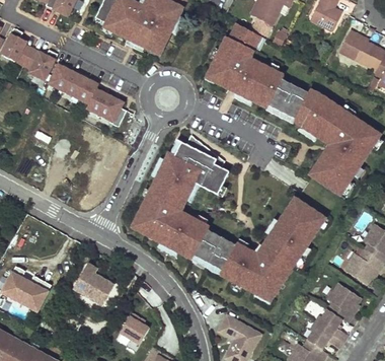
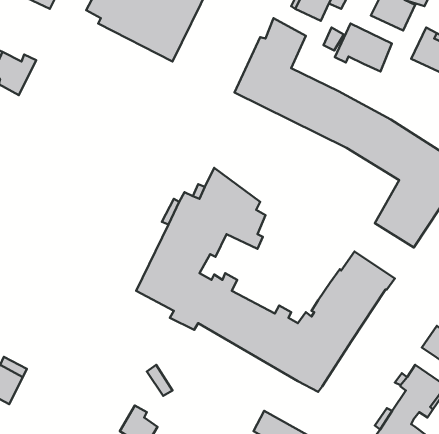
building: none -> [335,24,392,72]
building: [48,64,126,127] -> none
building: [73,265,112,305] -> none

